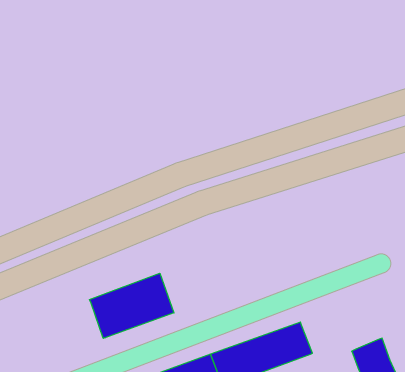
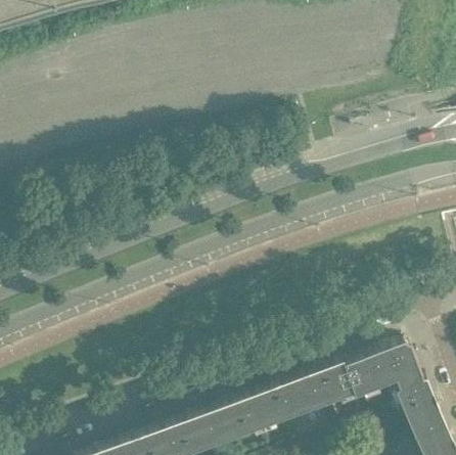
building: [90,273,174,338] -> none
building: none -> [343,345,421,400]

